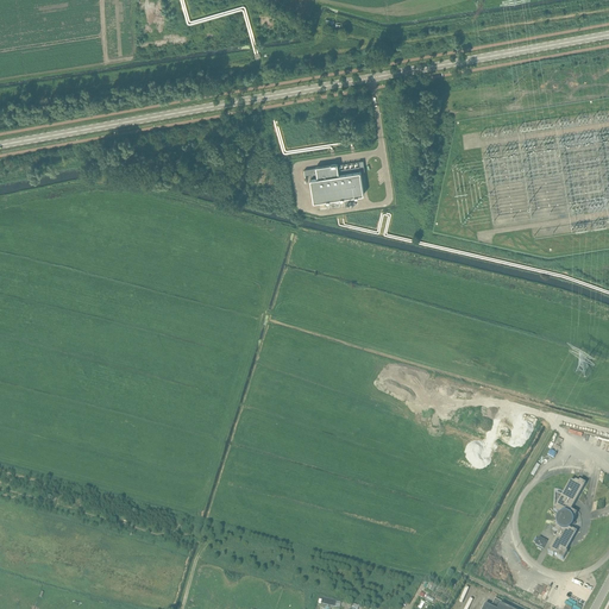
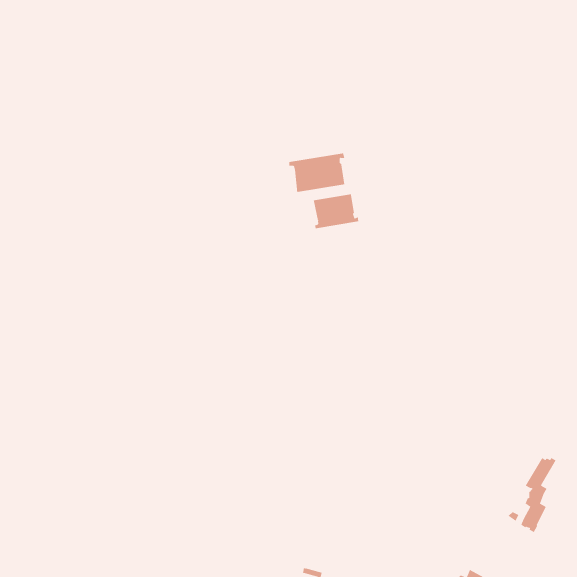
building: none -> [313,193,359,229]

